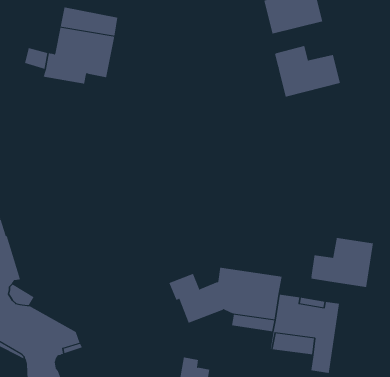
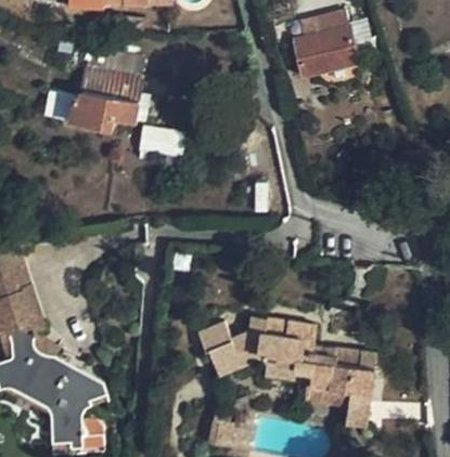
building: [275,45,341,97] -> none
building: none -> [139,130,181,157]
building: [311,237,373,288] -> none

